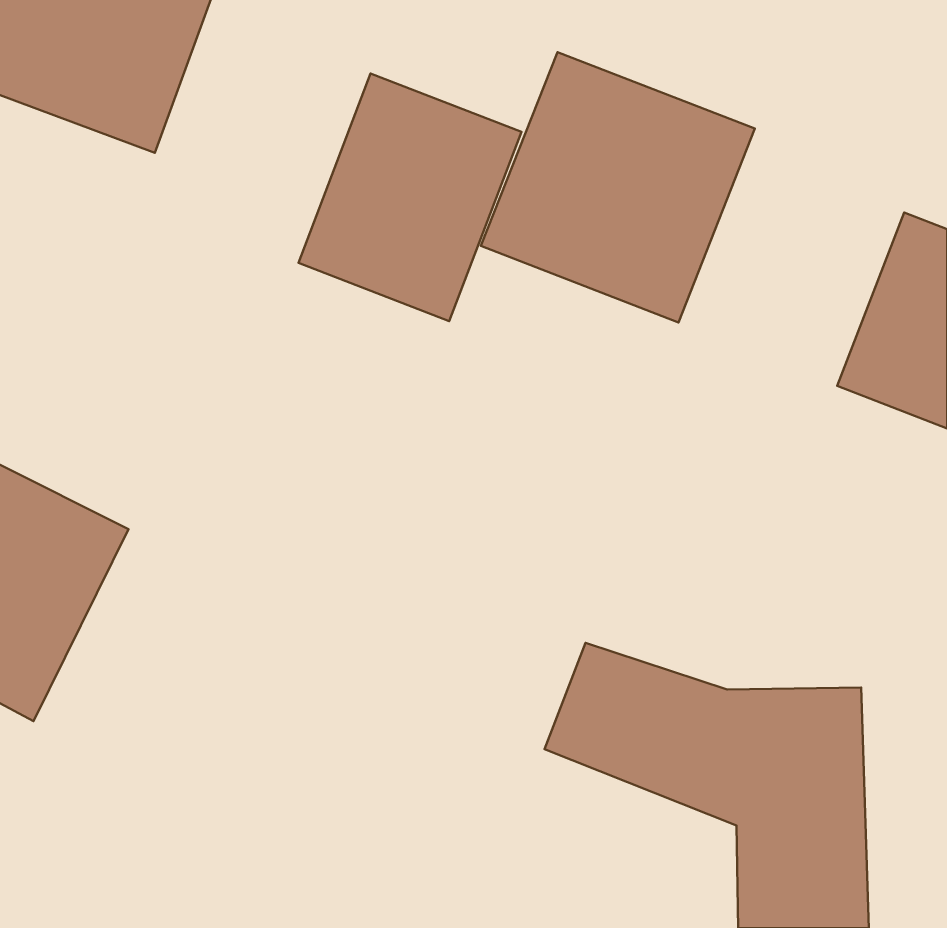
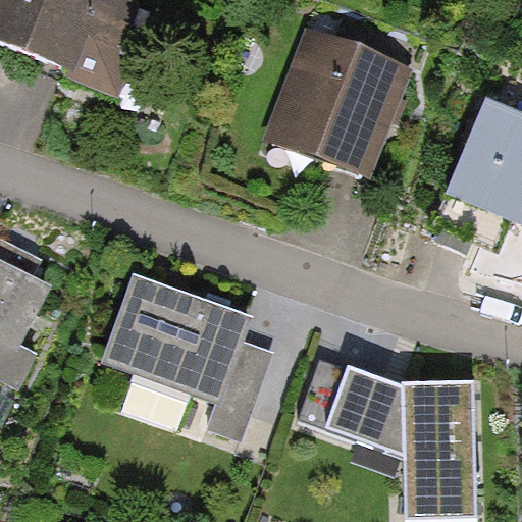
building: [299,74,521,321] -> none
building: none -> [112,281,275,440]

